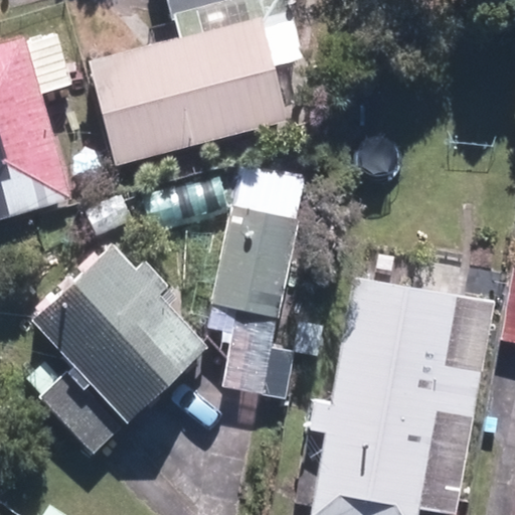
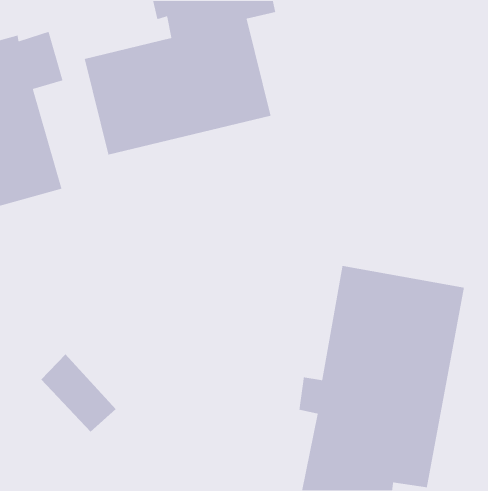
building: [214,197,301,393] -> none
building: [36,244,209,419] -> none

